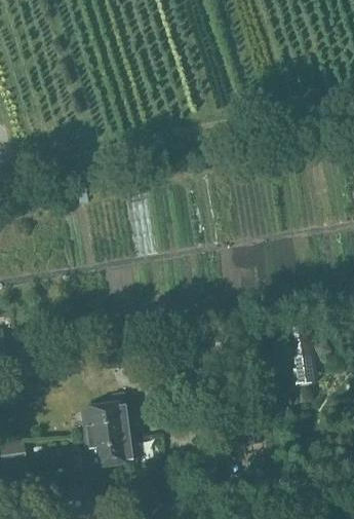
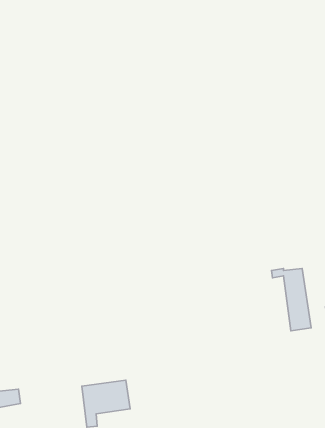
building: [83,392,131,439] -> none

